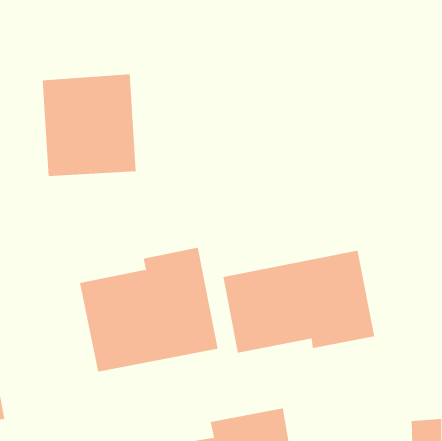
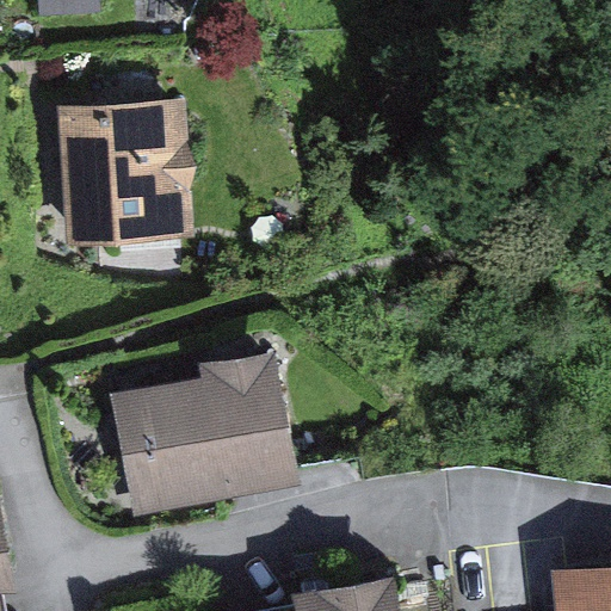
building: [223,250,375,353] -> none

